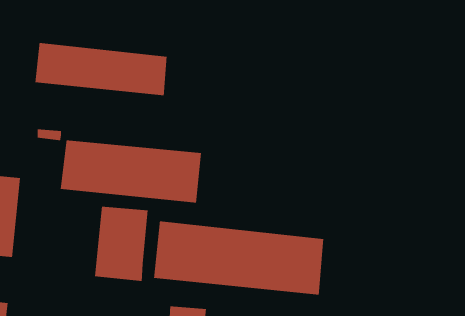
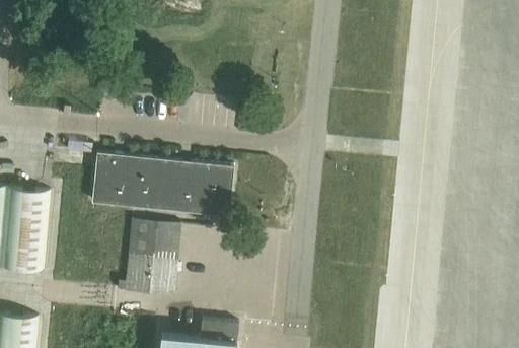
building: [35,42,167,96] -> none
building: [153,221,324,296] -> none

